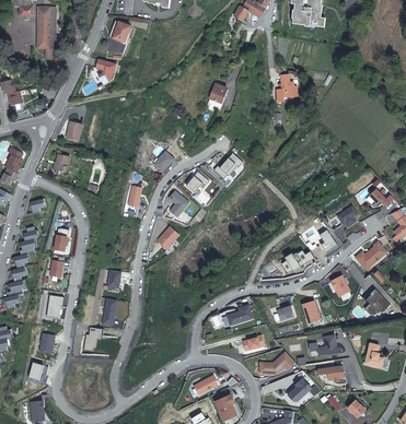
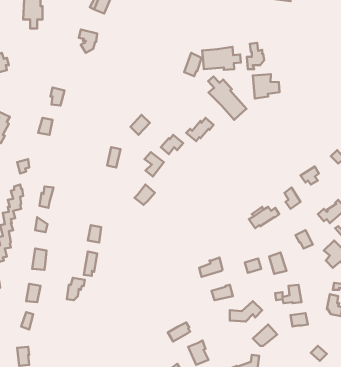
building: none -> [202,47,241,70]
building: none -> [253,74,280,98]
building: none -> [208,76,246,120]

